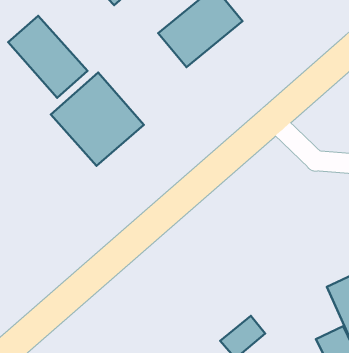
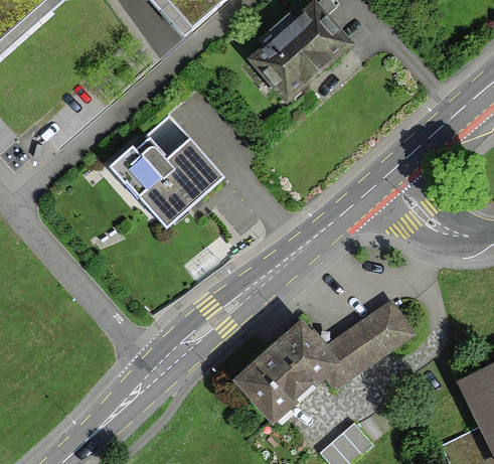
building: [8,16,87,98] -> none
building: none -> [229,306,411,421]

